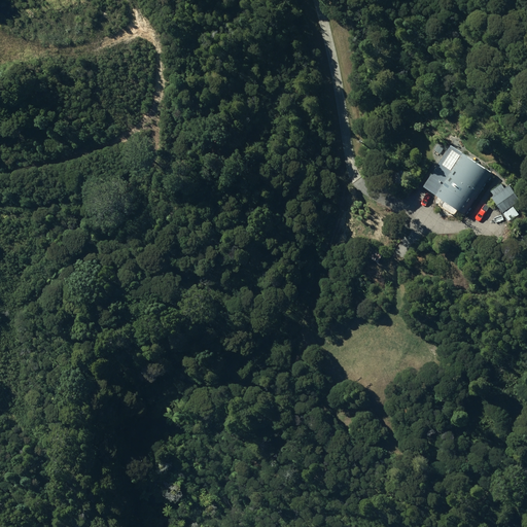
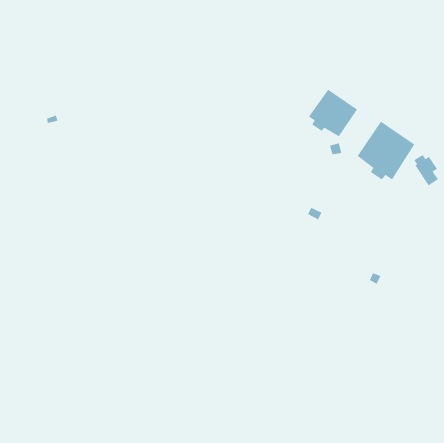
building: none -> [308,89,358,137]

